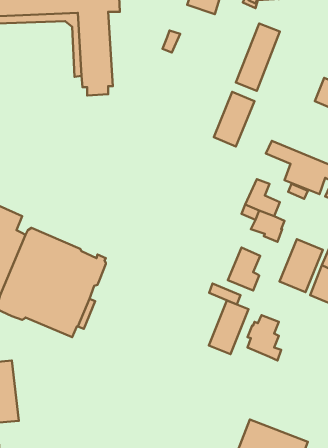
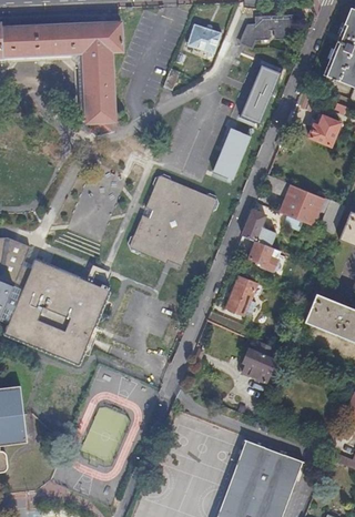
building: none -> [129,170,220,260]
building: [279,239,323,292] -> none
building: [209,300,248,354] -> none

